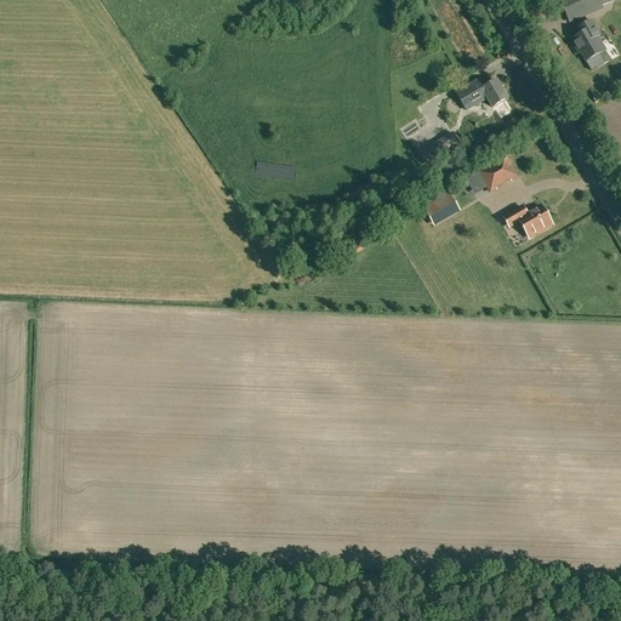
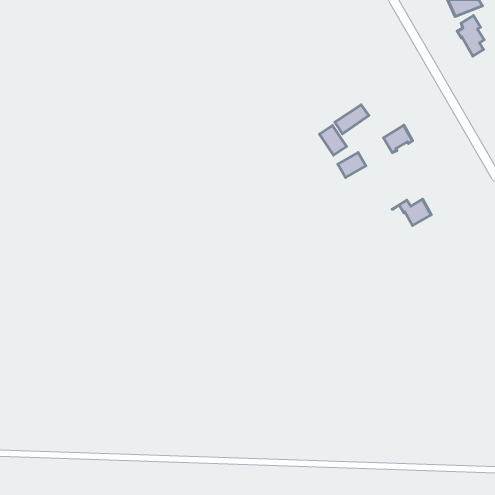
building: [457,80,508,109] -> none
building: none -> [319,125,347,155]
building: [505,205,553,238] -> [392,199,431,226]

